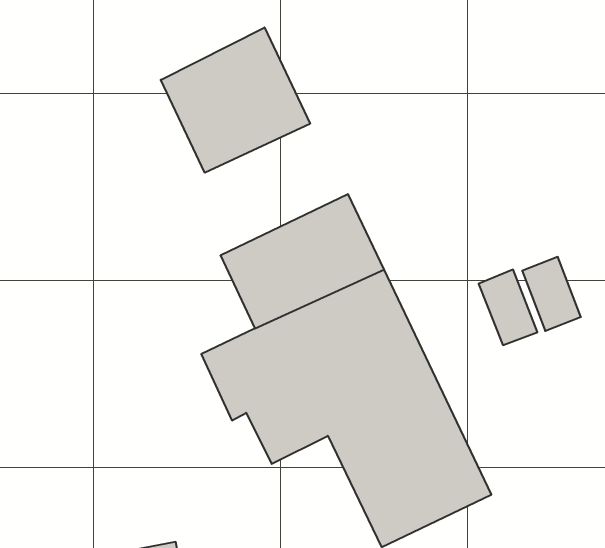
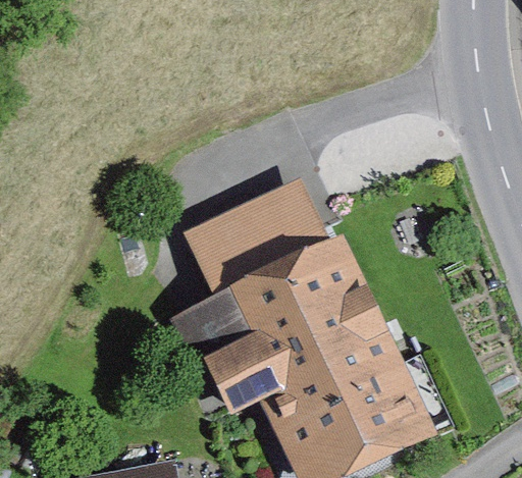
building: [161,27,310,173] -> none

